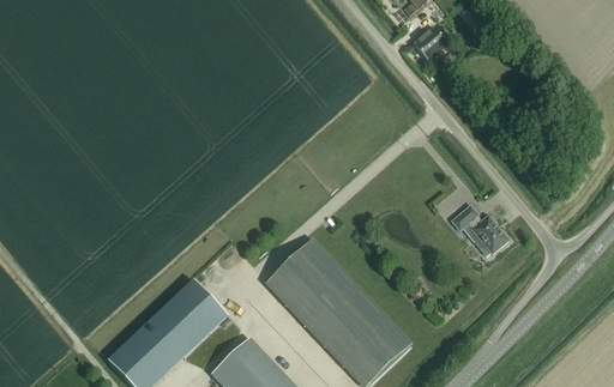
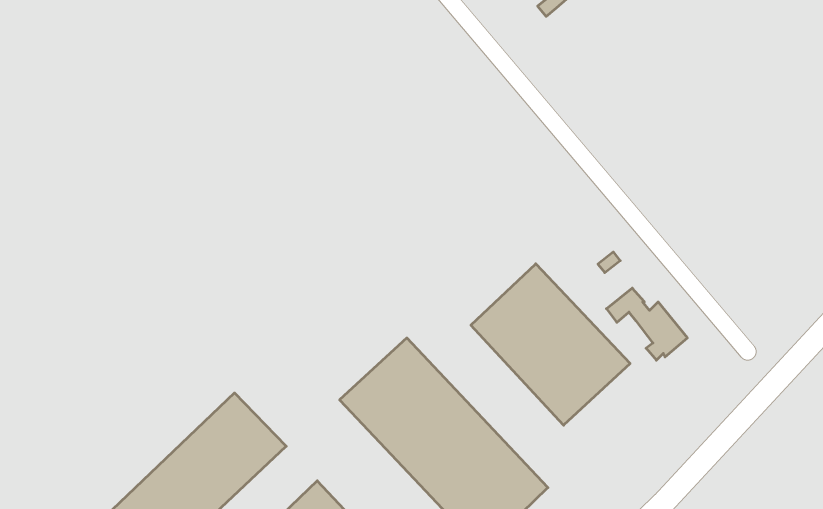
building: [413,29,452,61] -> none
building: none -> [471,264,630,425]

